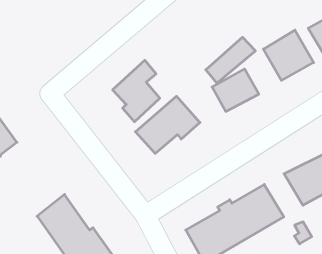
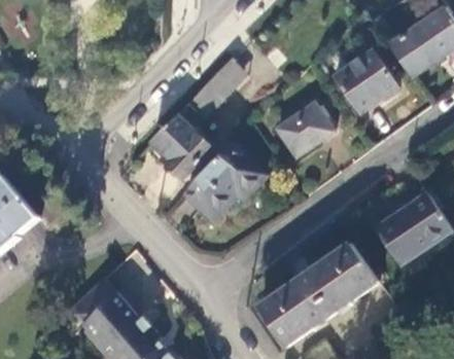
building: [206,37,255,83] -> [189,58,249,117]

